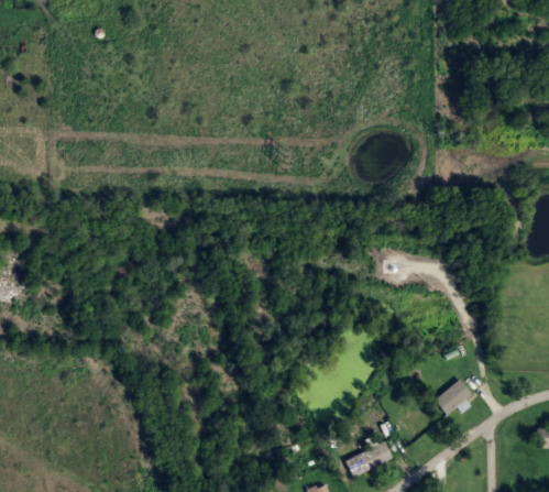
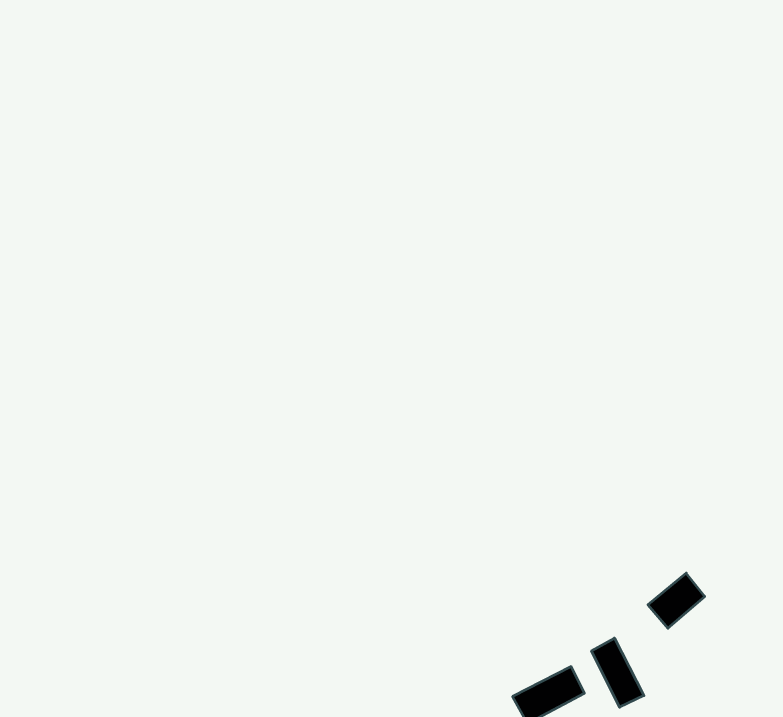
building: none -> [592,638,644,707]

